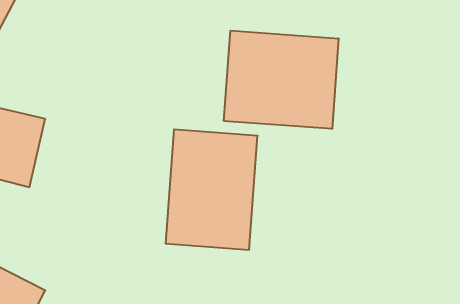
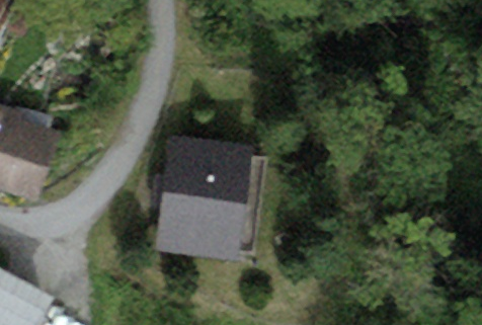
building: [224,31,339,129] -> none

